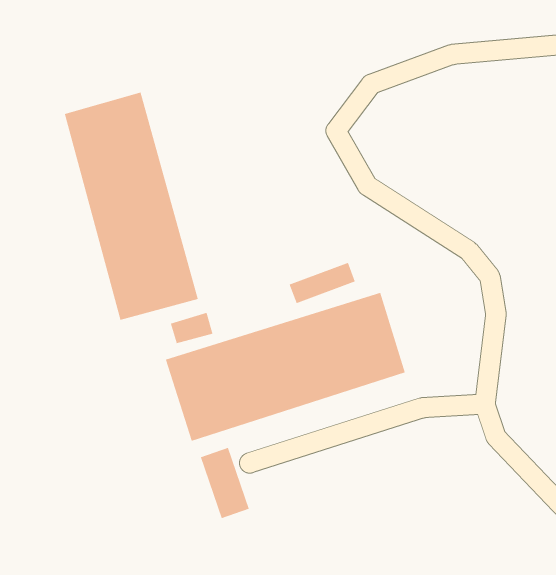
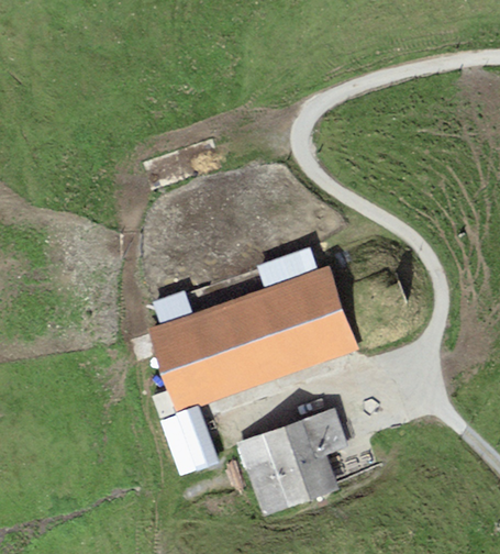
building: [64,92,199,321] -> none
building: none -> [244,410,347,512]

